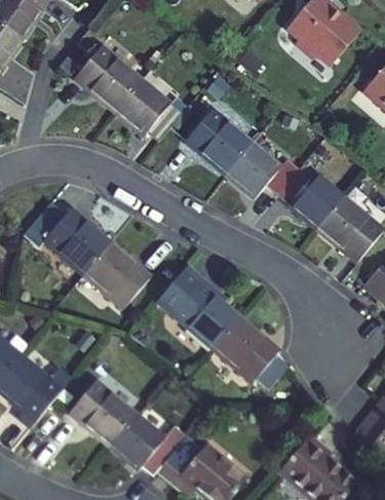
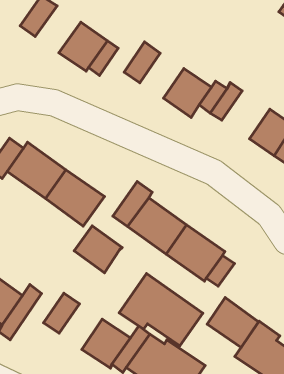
building: [90,59,143,111] -> none
building: [202,122,253,172] -> none
building: [290,172,344,227] -> none
building: none -> [74,226,122,273]
building: none -> [119,274,203,346]
building: [86,393,136,445] -> none
building: none -> [207,297,259,347]

